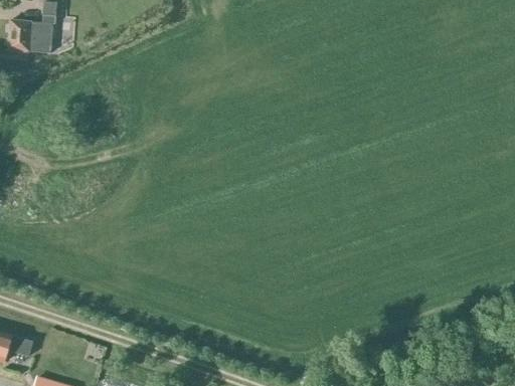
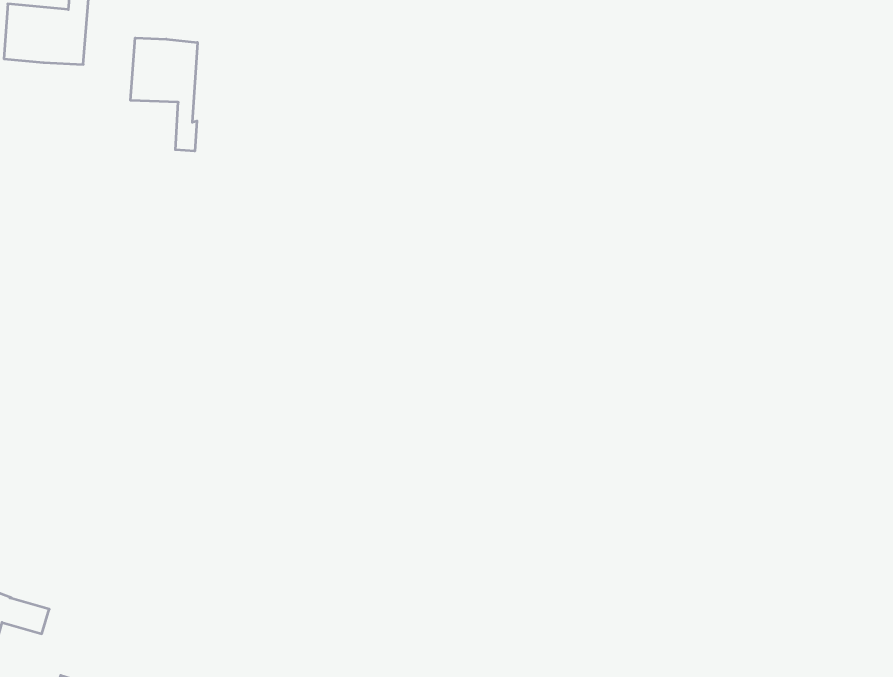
building: none -> [131,38,197,151]

